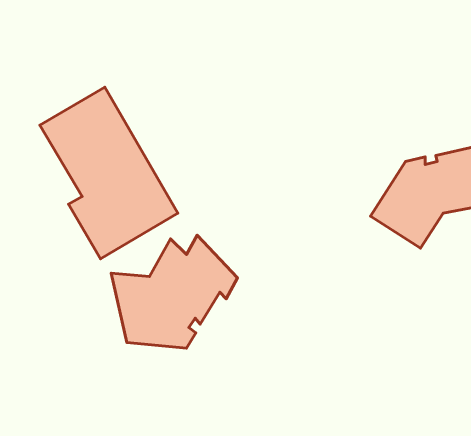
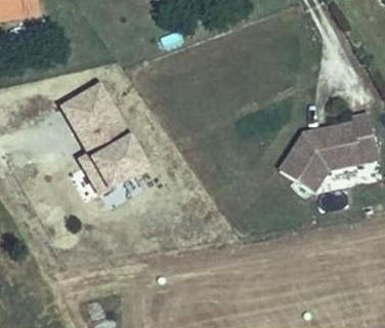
building: [111,235,237,348] -> none

